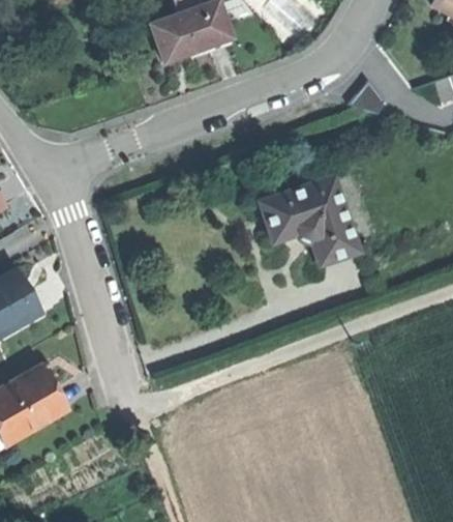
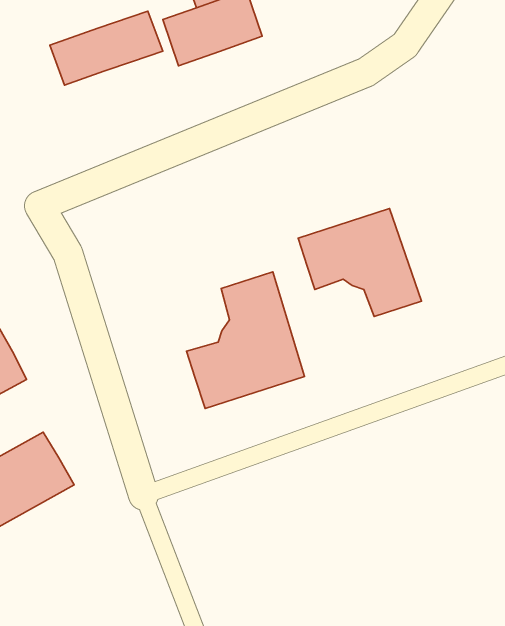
building: none -> [50,11,163,85]
building: none -> [187,272,305,409]

